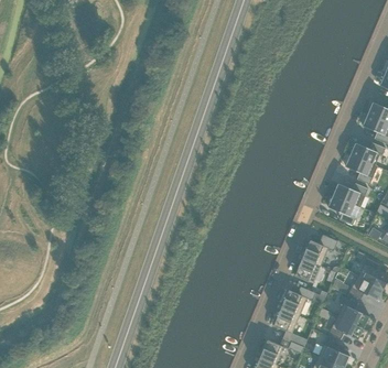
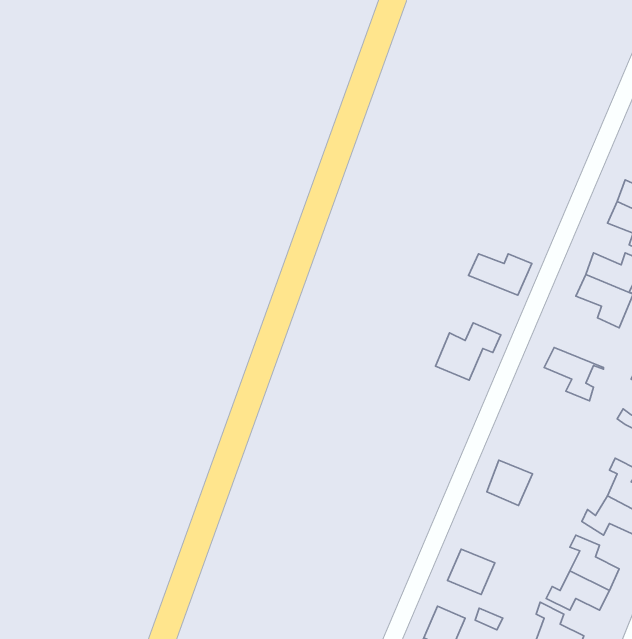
building: [332,183,367,206] -> [469,254,532,295]
building: [301,234,337,266] -> [436,323,501,380]
building: [280,286,314,315] -> none

